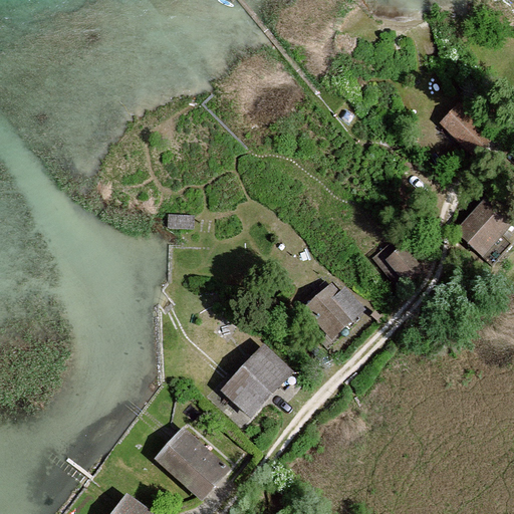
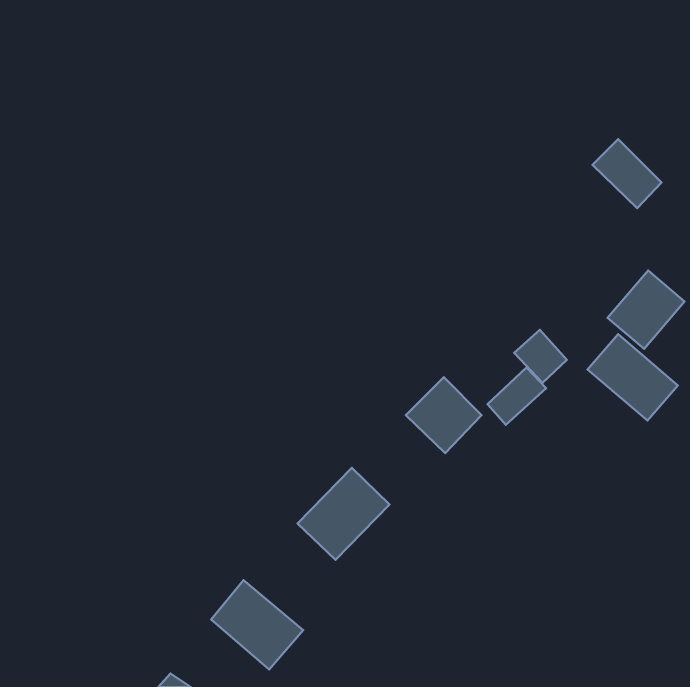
building: none -> [588,334,678,421]
building: none -> [488,368,546,425]

